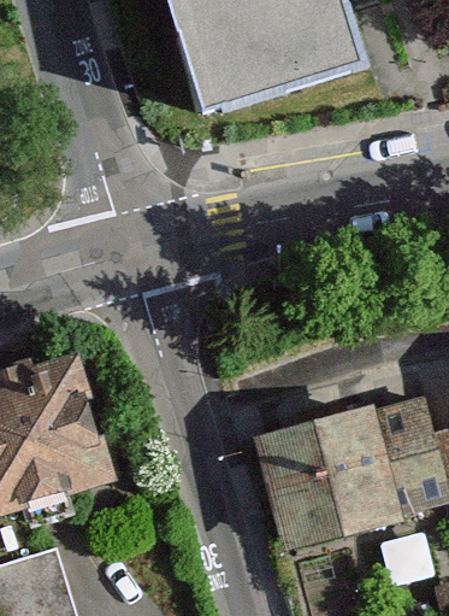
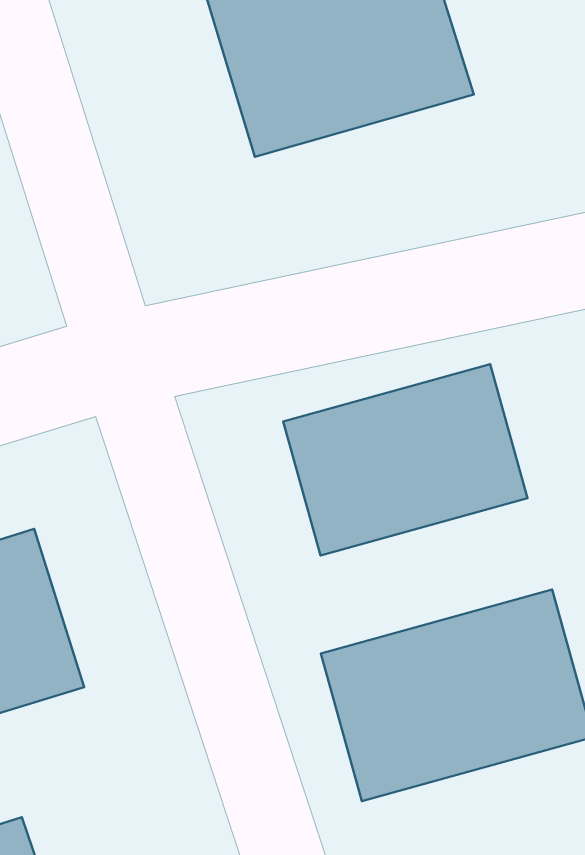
building: none -> [283,364,527,556]

